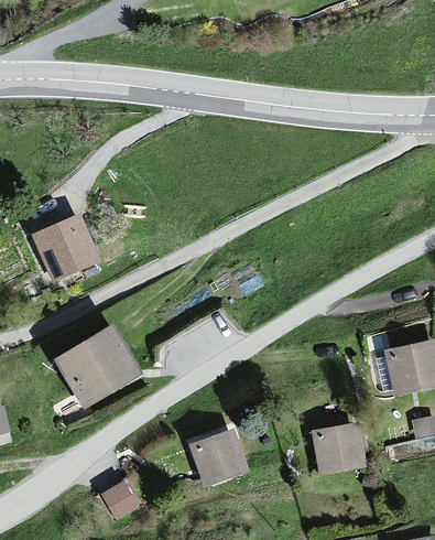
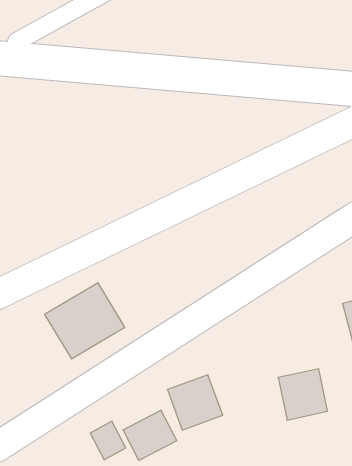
building: [32,213,97,279] -> none
building: none -> [123,410,177,460]

